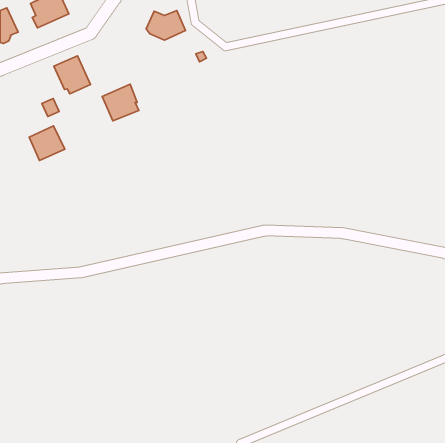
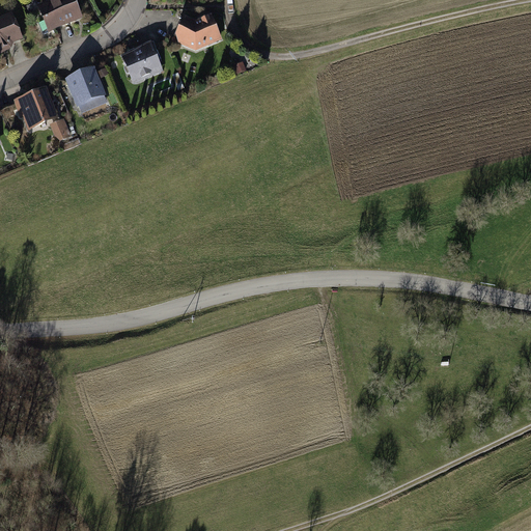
building: [102,84,139,121] -> [120,40,164,84]
building: [29,126,65,161] -> [16,88,58,130]

